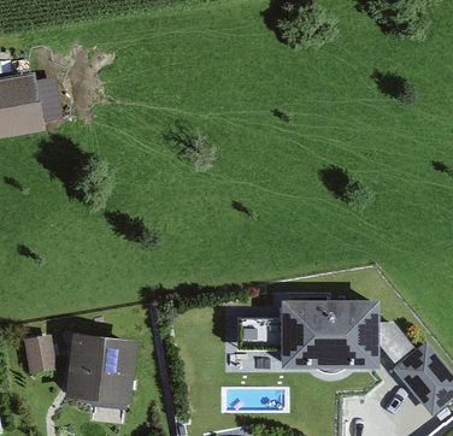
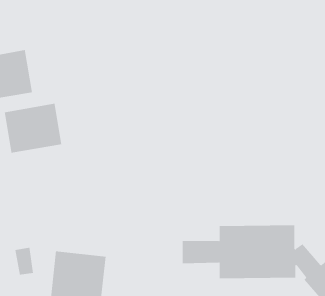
building: none -> [4,103,62,154]

